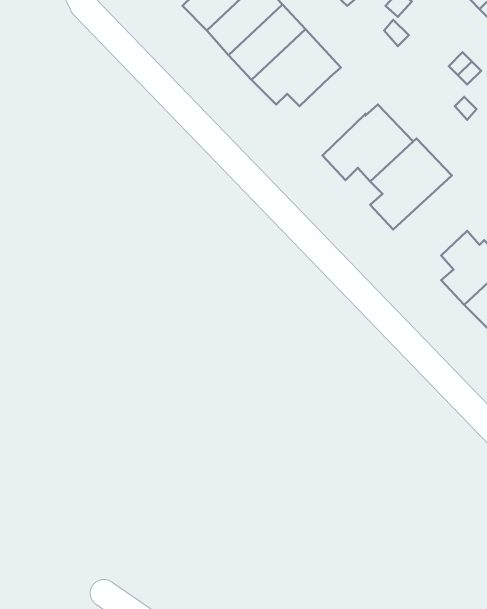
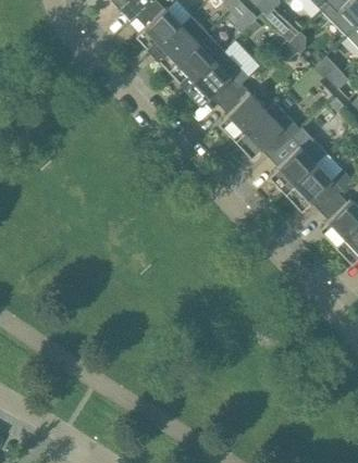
building: none -> [219,83,266,138]
building: none -> [285,152,342,209]

